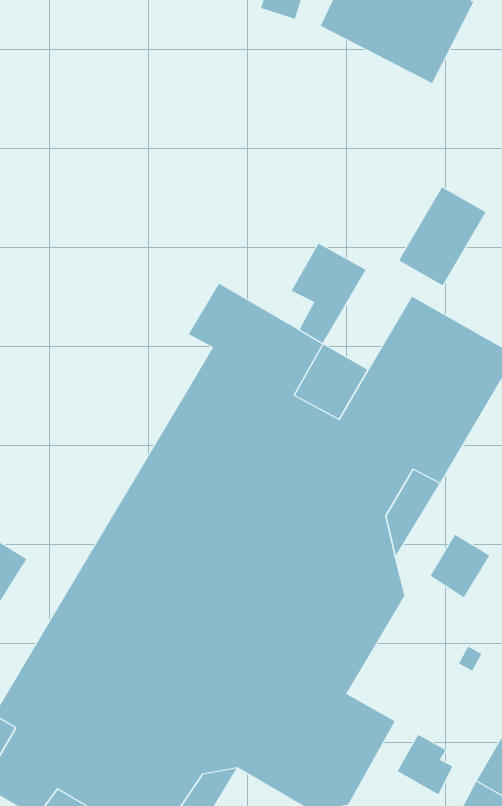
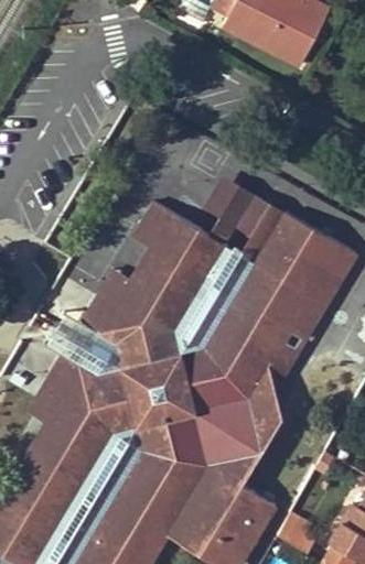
building: [398,187,487,286] -> [225,195,286,263]
building: none -> [28,270,130,424]
building: [430,534,490,598] -> none

